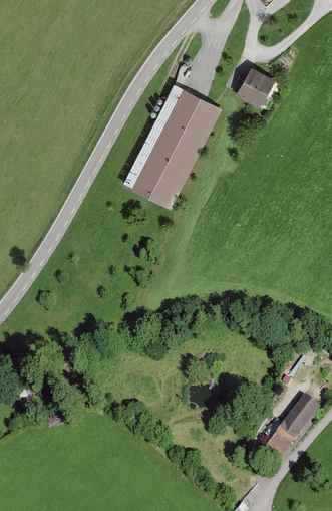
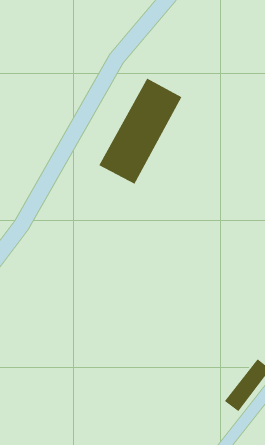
building: [239,69,276,106] -> none

